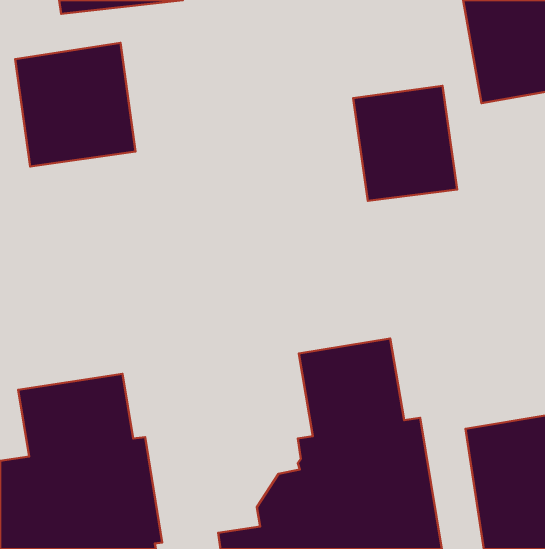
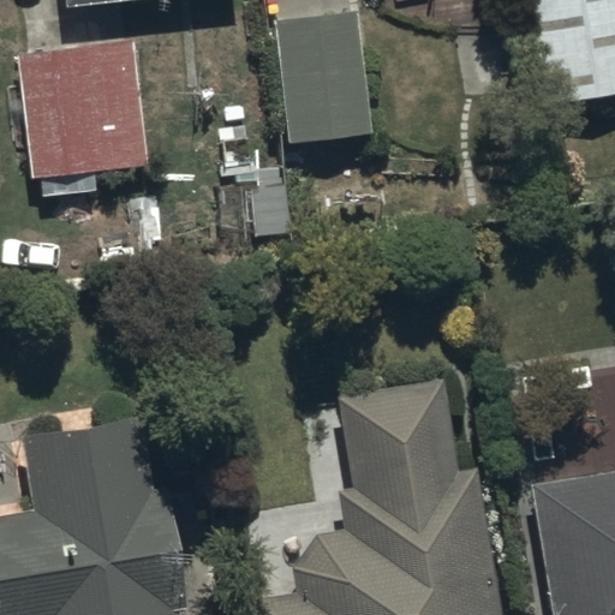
building: none -> [275,16,378,154]
building: [353,86,457,201] -> none

